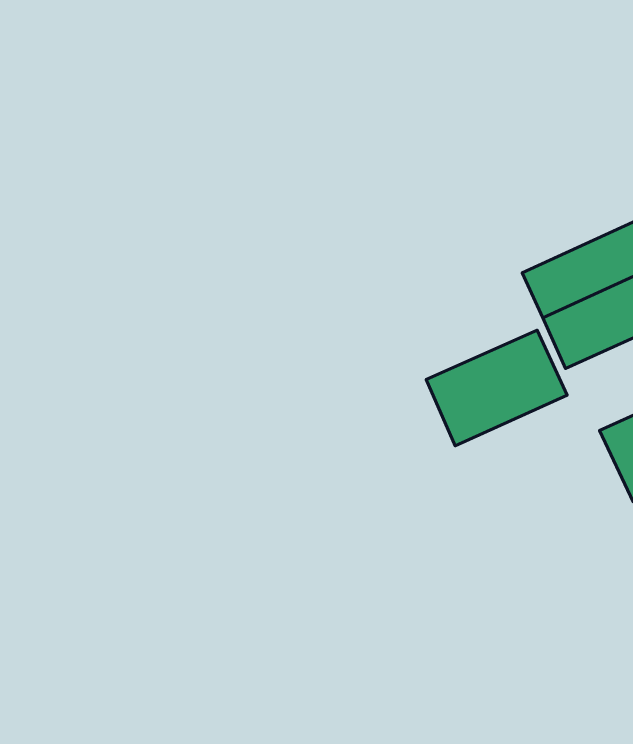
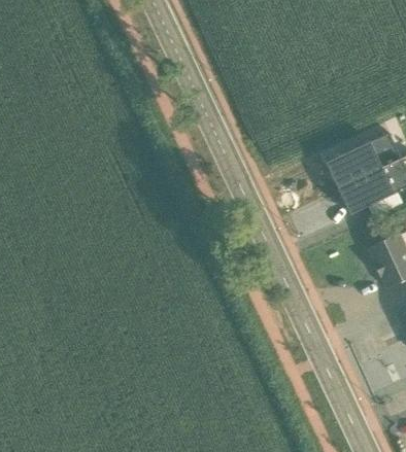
building: [426,330,567,446] -> none

